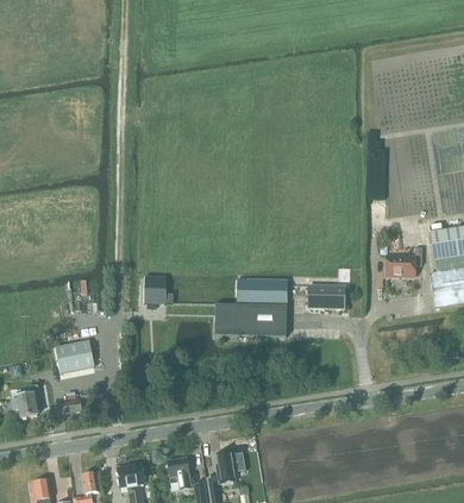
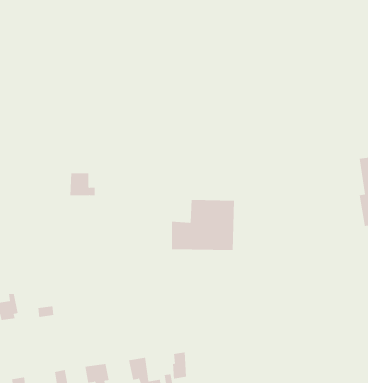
building: [387,247,422,275] -> none
building: [144,276,174,302] -> [69,173,96,196]
building: [308,284,345,307] -> none
building: [55,339,94,371] -> none

